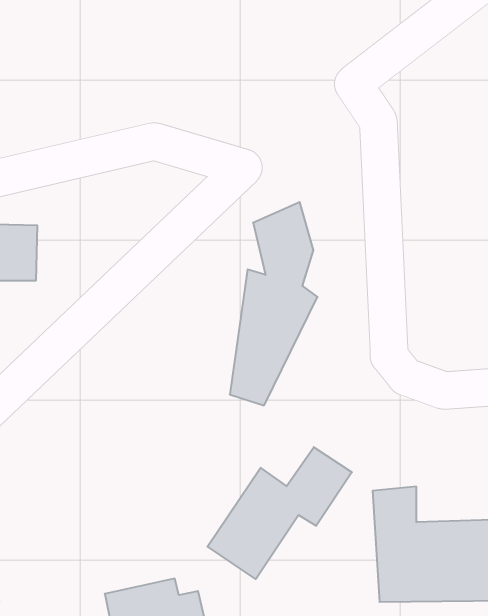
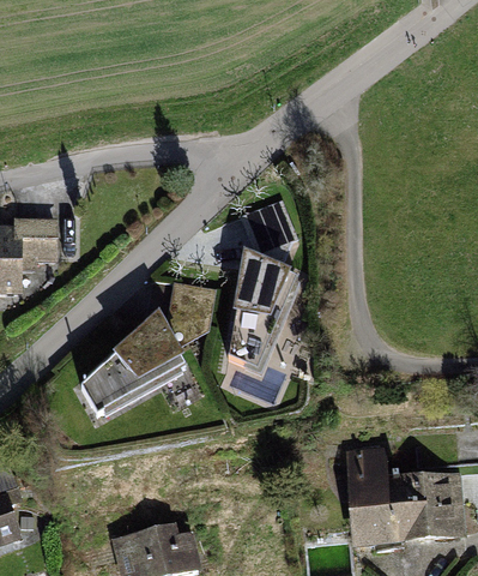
building: none -> [81,277,214,422]
building: [207,447,352,579] -> none

